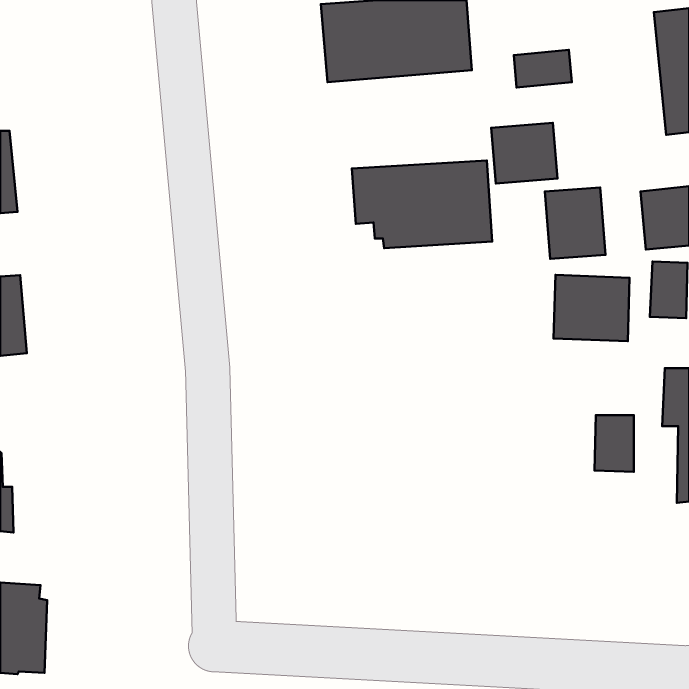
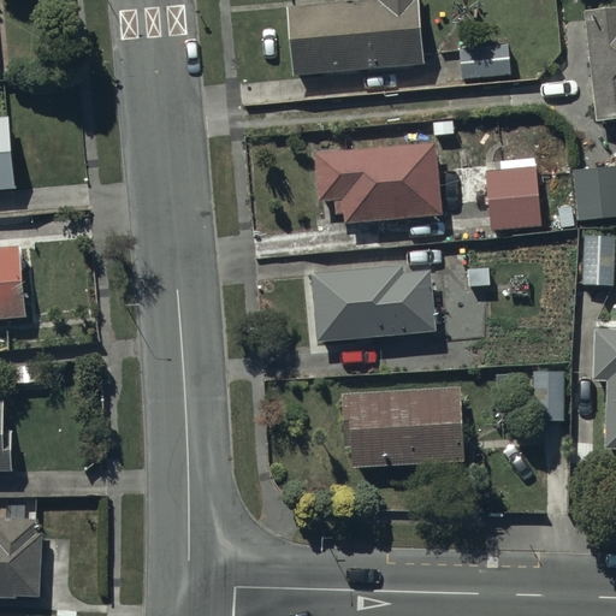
building: [491,123,557,183] -> none
building: [554,275,630,341] -> none
building: none -> [310,262,434,340]
building: none -> [340,386,463,466]

